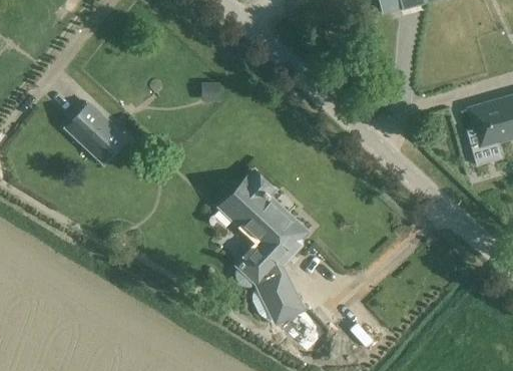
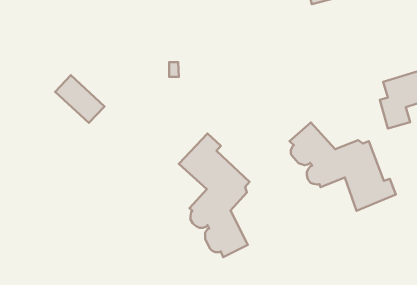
building: none -> [290,123,396,211]

